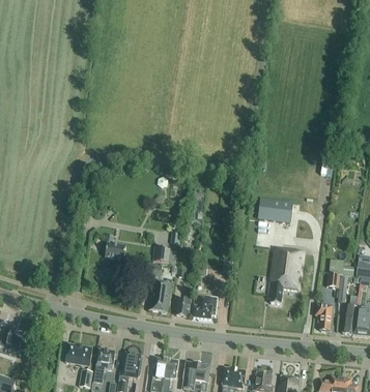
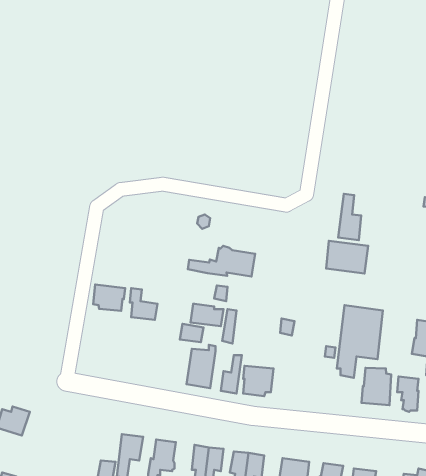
building: none -> [338,194,361,240]
building: none -> [188,246,255,276]
building: none -> [93,285,125,311]
building: none -> [362,368,391,405]
building: [65,343,92,365] -> none

